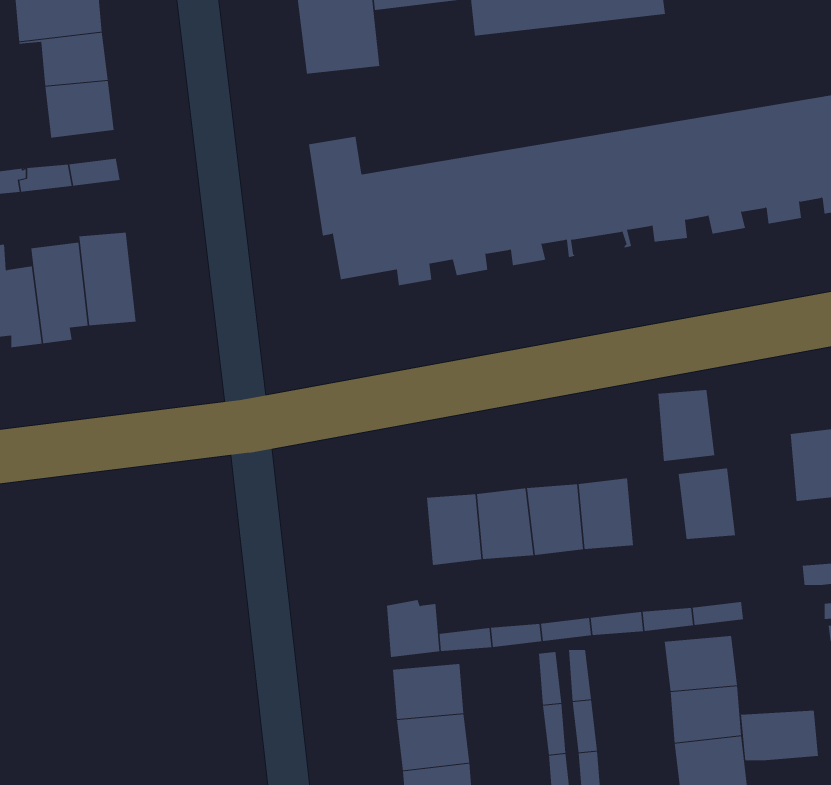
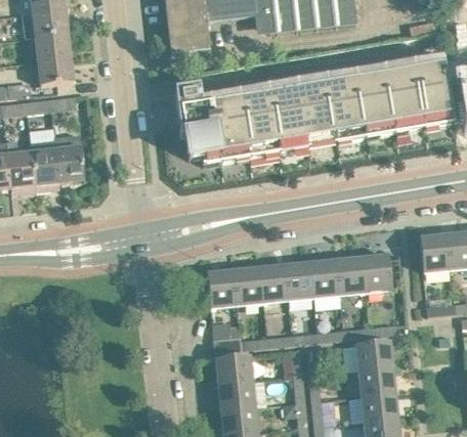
building: [657,390,715,461] -> [336,258,366,295]
building: none -> [206,270,236,308]
building: [740,710,818,761] -> none

